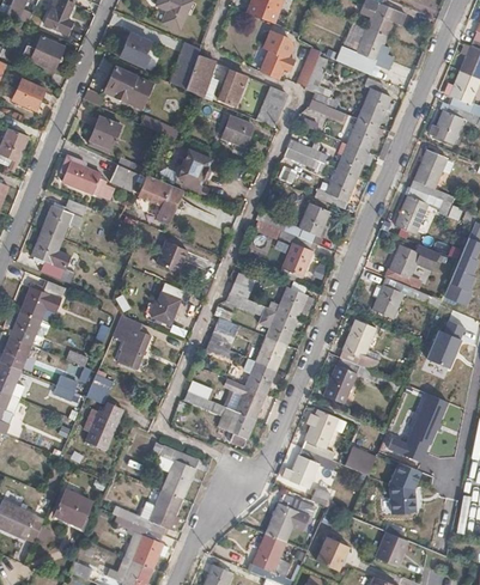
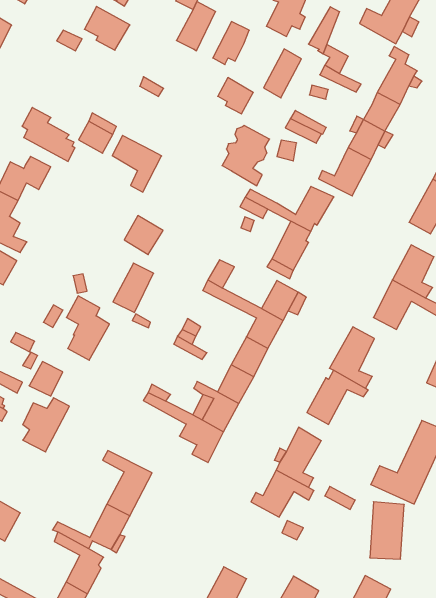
building: [87,116,120,153] -> none
building: [172,148,211,199] -> [222,125,270,186]
building: [266,492,316,541] -> none

